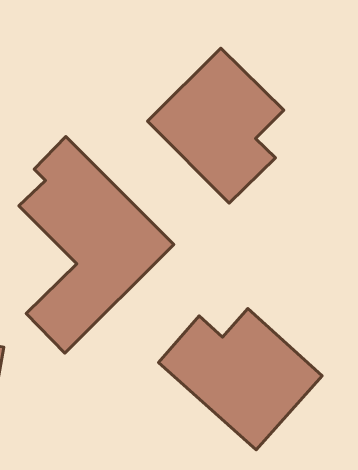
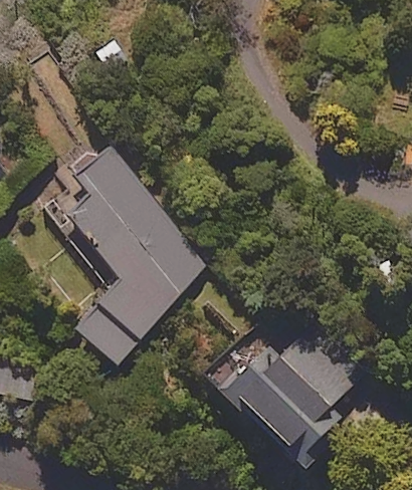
building: [147,48,284,203] -> none

